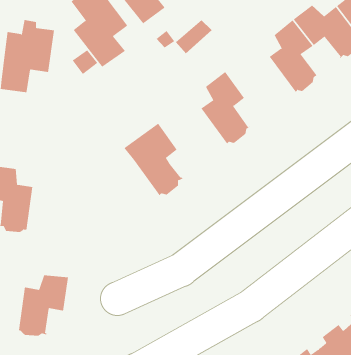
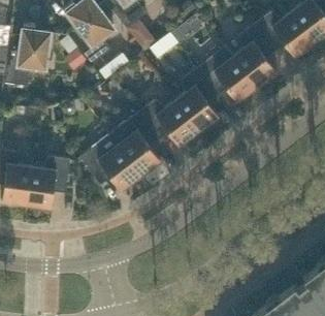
building: none -> [198,57,258,103]
building: none -> [140,101,199,148]
building: none -> [80,135,141,192]
building: [18,275,69,336] -> [28,158,71,211]

